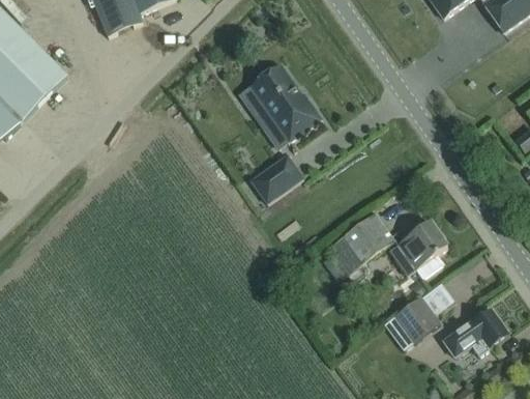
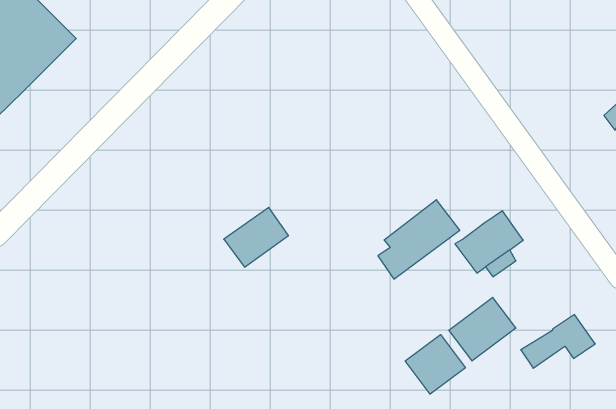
building: [247,63,321,141] -> none
building: [249,152,304,203] -> [224,207,288,267]
building: none -> [405,335,465,394]

